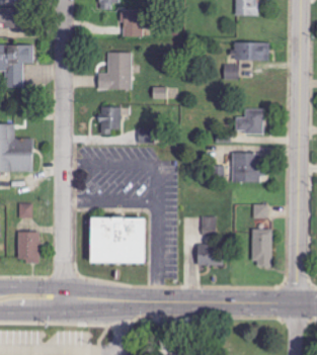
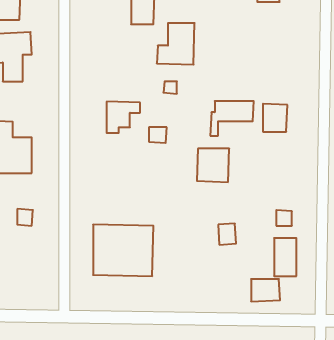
building: [230,42,269,74] -> [210,101,254,136]
building: [97,53,132,90] -> [157,23,195,65]
building: [232,153,261,183] -> [197,149,229,182]
building: [17,232,38,262] -> none
building: [196,246,223,266] -> [251,279,280,301]

